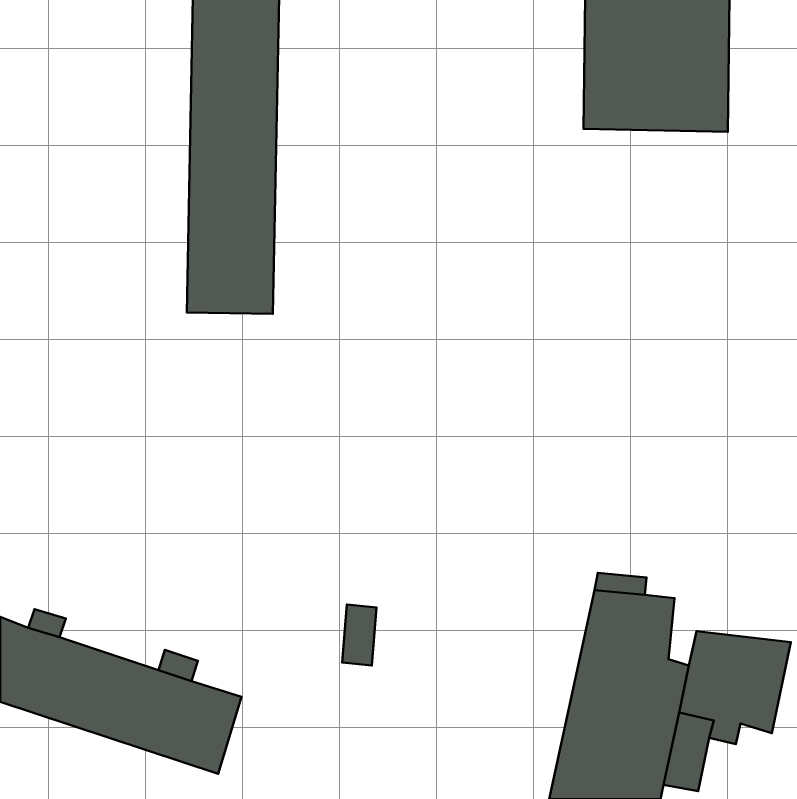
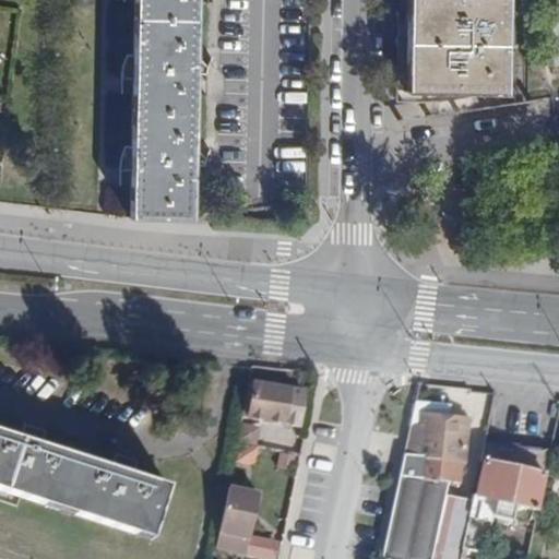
building: none -> [246,380,307,426]
building: none -> [217,484,259,551]

